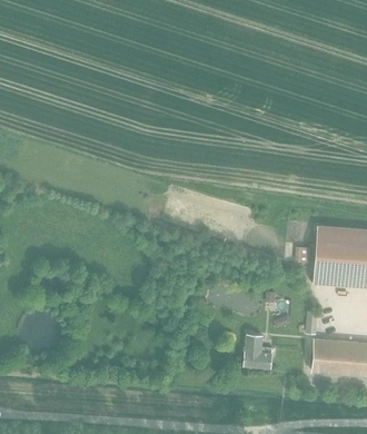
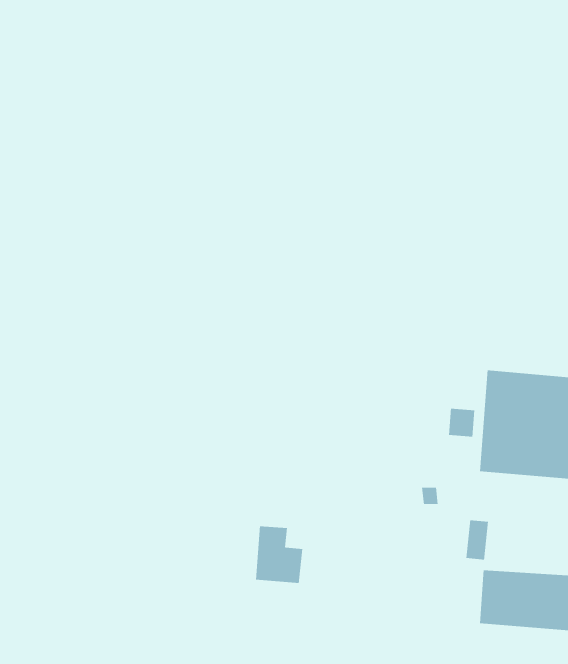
building: [244,335,271,368] -> [255,526,303,584]

